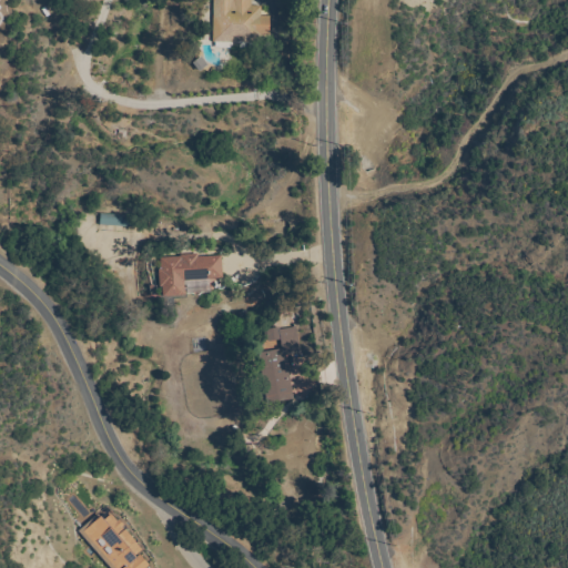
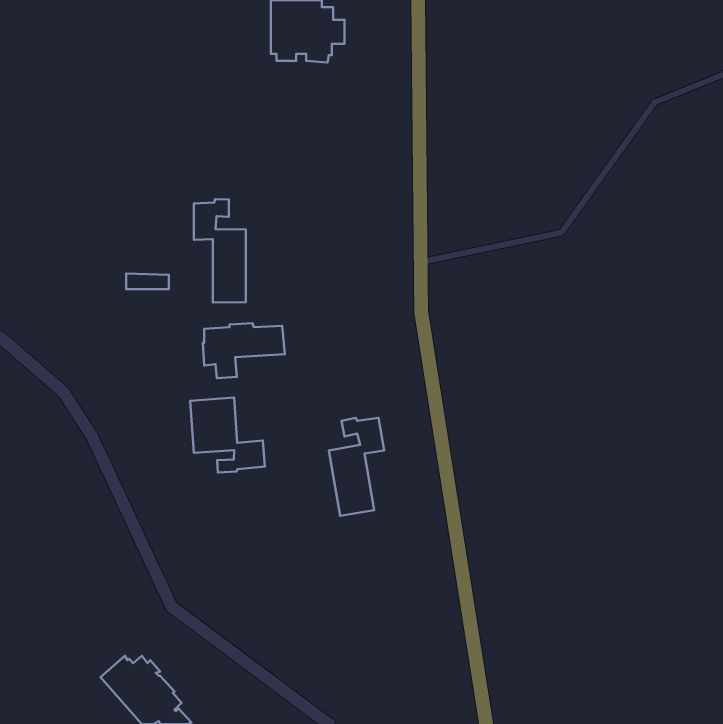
building: none -> [194,199,246,302]
building: none -> [190,398,265,473]

